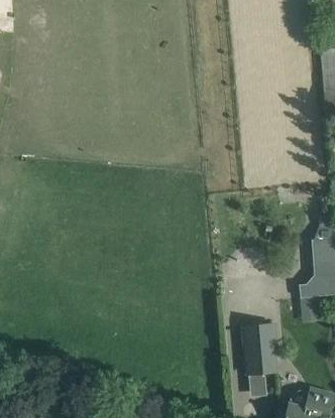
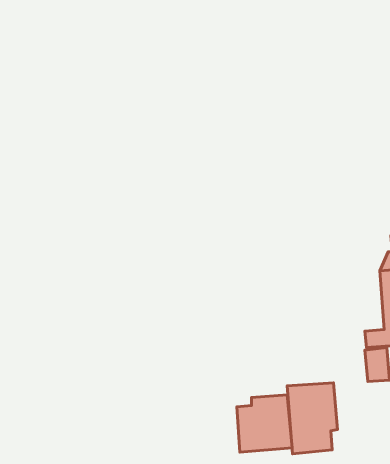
building: none -> [237,395,292,452]

